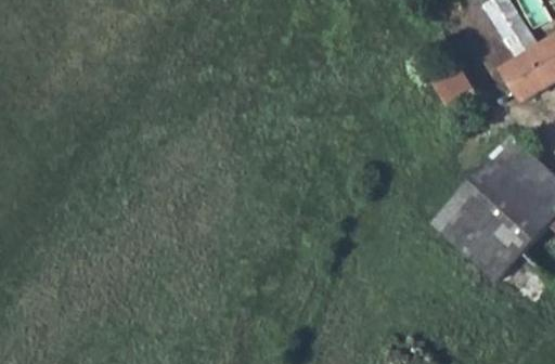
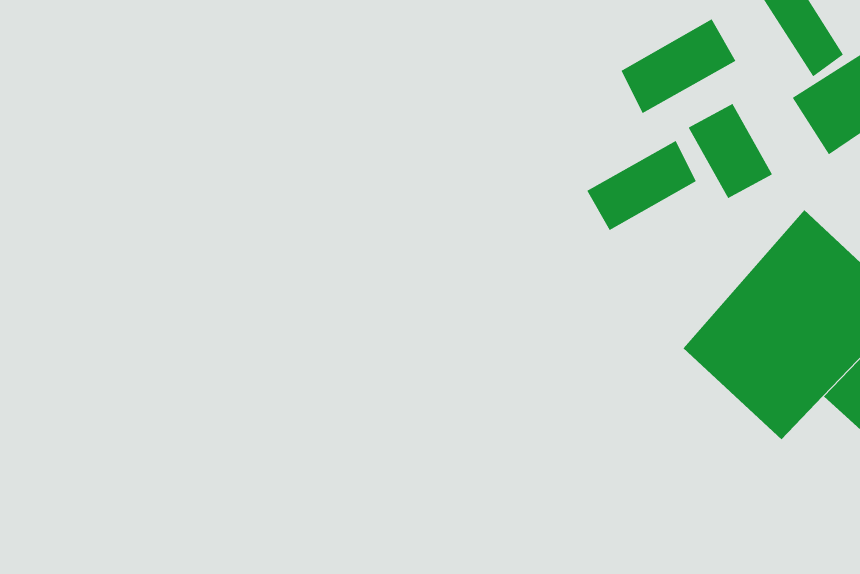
building: none -> [621,18,736,114]
building: none -> [587,140,696,231]

